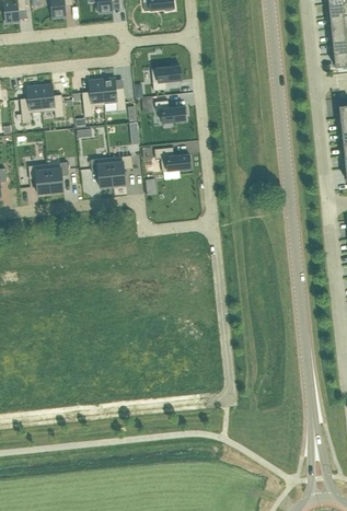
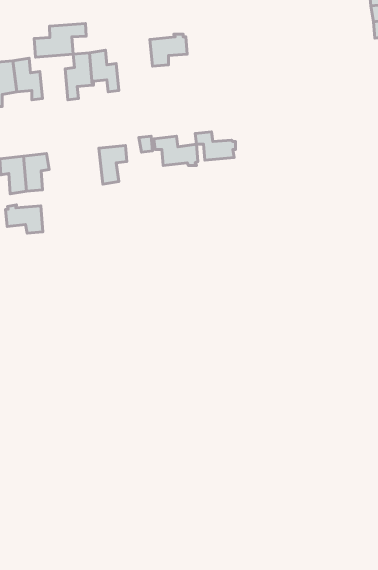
building: none -> [34,23,86,57]
building: [154,100,187,123] -> [195,132,236,160]
building: [90,156,113,187] -> none
building: none -> [5,205,43,233]

